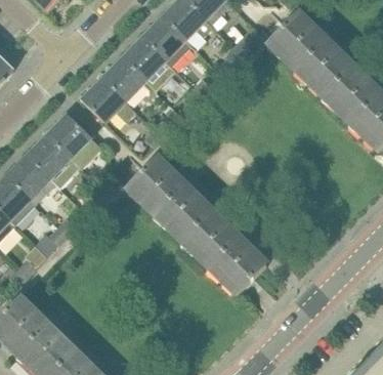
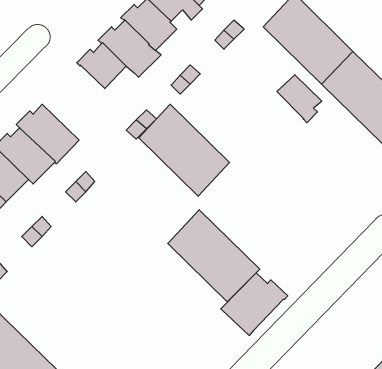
building: [80,77,137,120] -> none
building: none -> [277,75,322,123]
building: [129,156,212,240] -> [139,104,230,196]
building: none -> [221,273,288,335]

